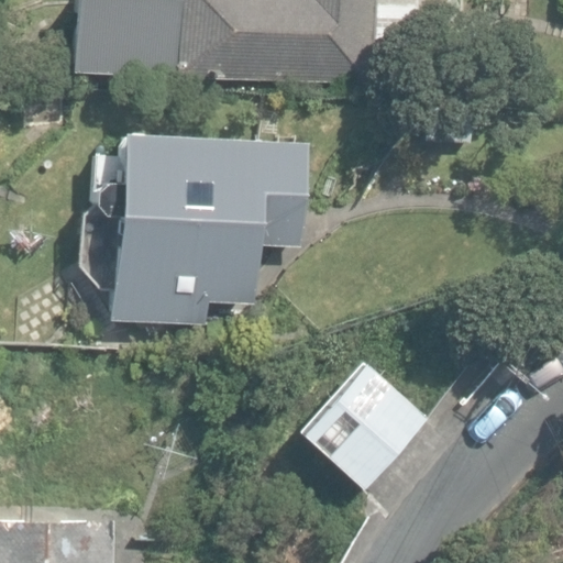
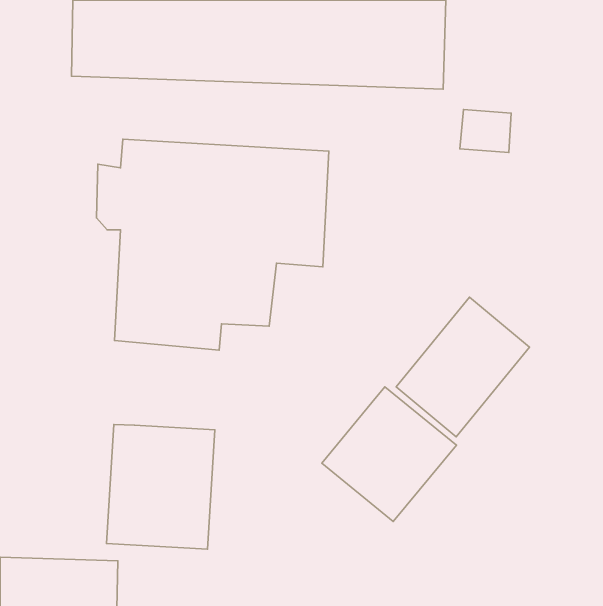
building: none -> [396,297,530,437]
building: none -> [107,424,215,549]

